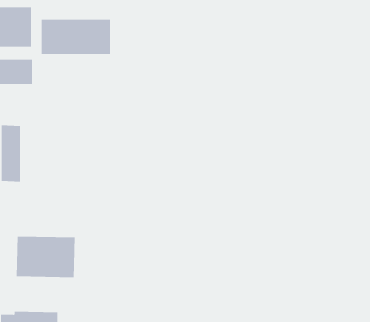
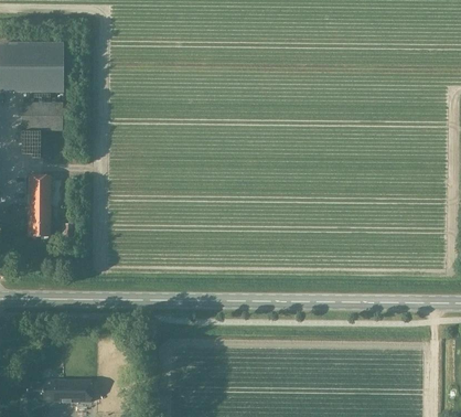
building: [41,19,111,55] -> none
building: [16,236,75,278] -> none

